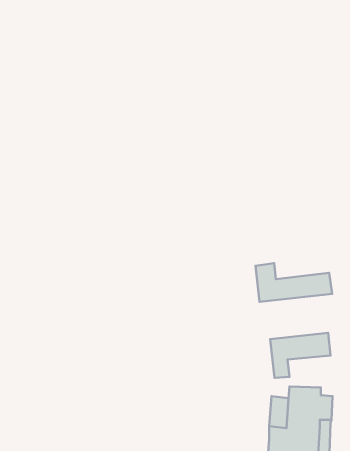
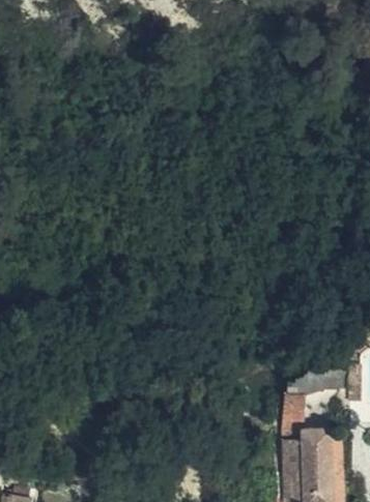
building: [256,263,332,302] -> none

